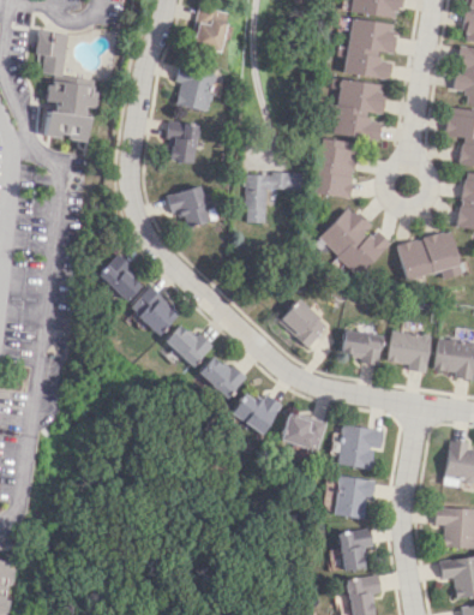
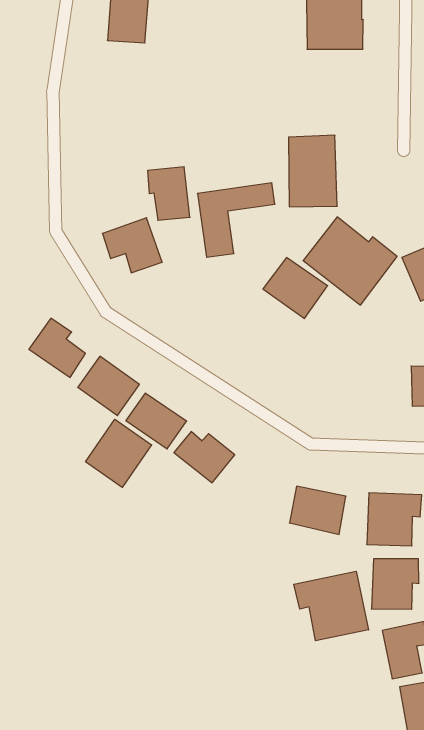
building: [176,66,217,112] -> none
building: [326,79,385,139] -> none
building: [167,121,197,162] -> [148,167,190,220]
building: [278,299,329,348] -> [263,258,328,319]
building: [341,330,384,363] -> none
building: none -> [86,419,152,487]
building: [230,389,278,434] -> none
building: none -> [294,571,369,641]

